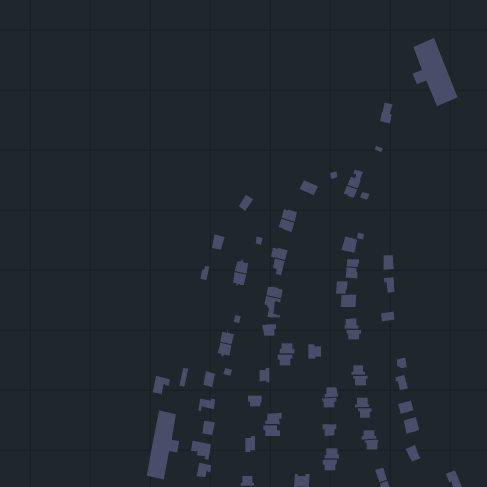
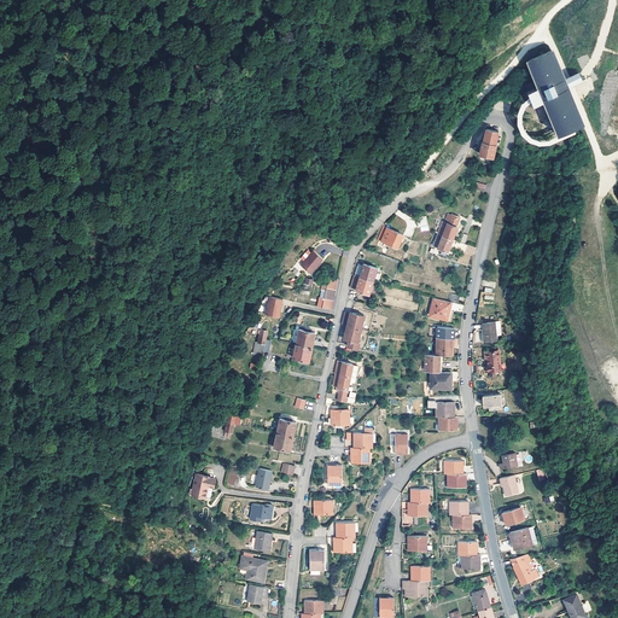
building: [146,410,180,480] -> none

